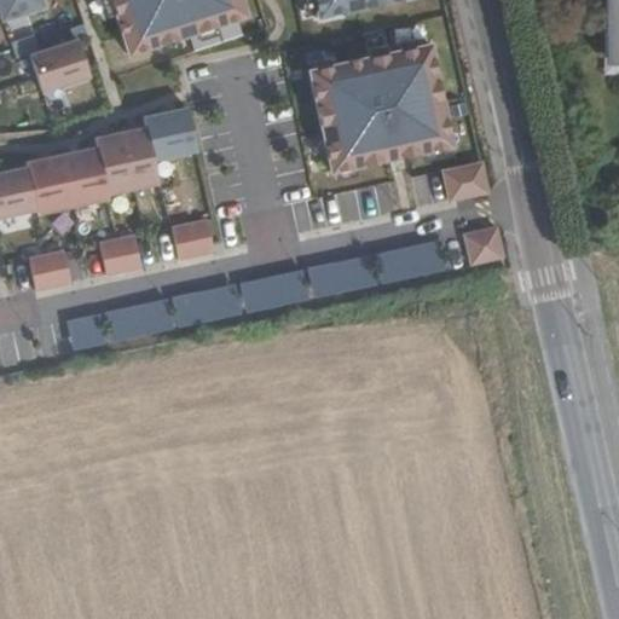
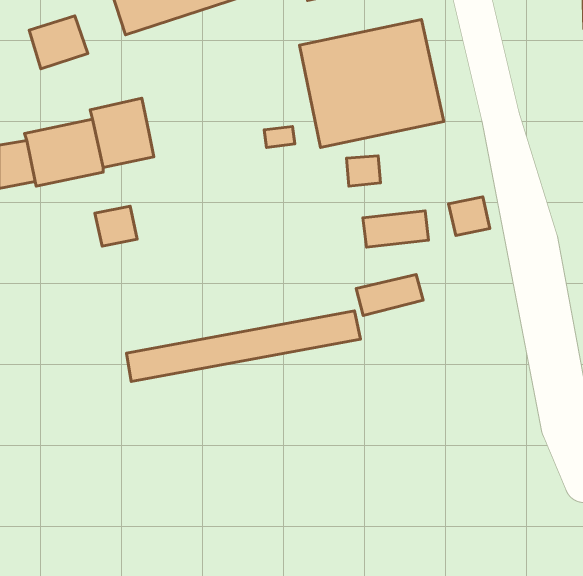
building: [144,106,199,161] -> none
building: [441,162,490,203] -> none
building: [170,220,214,261] -> none
building: [29,250,71,291] -> none
building: [306,253,375,295] -> [356,274,423,315]
building: [66,271,307,343] -> [127,311,360,381]

